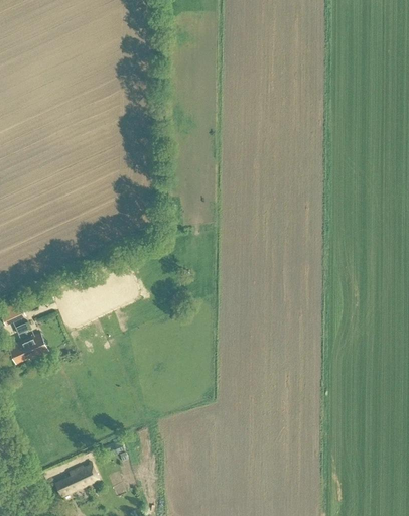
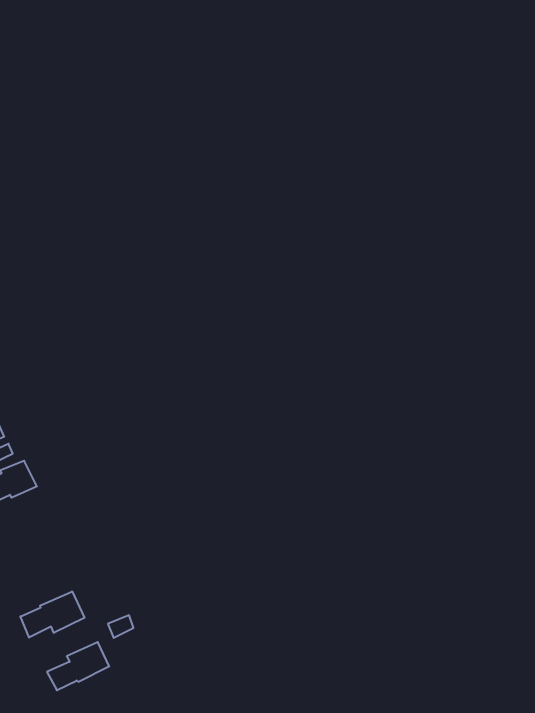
building: none -> [20,591,84,638]

